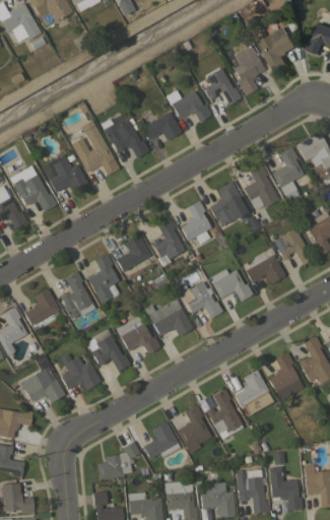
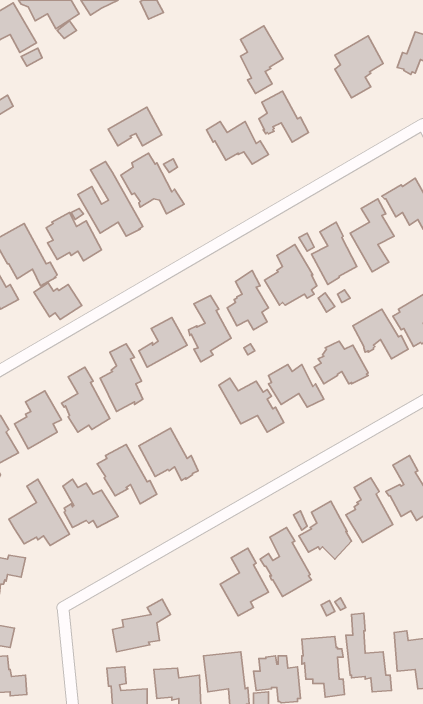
building: [235,46,266,95] -> [240,26,283,93]
building: [142,112,182,140] -> [108,107,162,146]
building: none -> [34,283,82,319]
building: [148,299,194,336] -> none
building: [143,422,181,459] -> none

